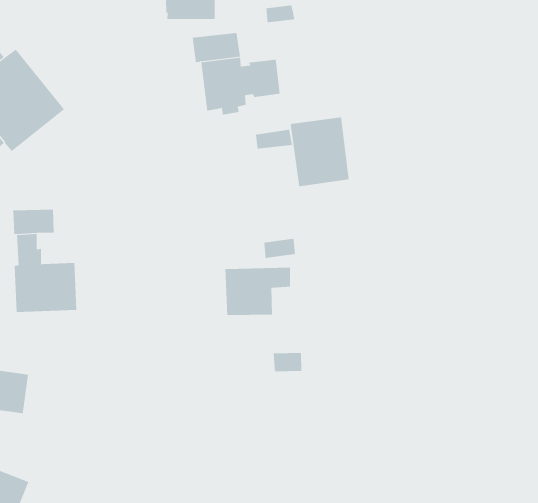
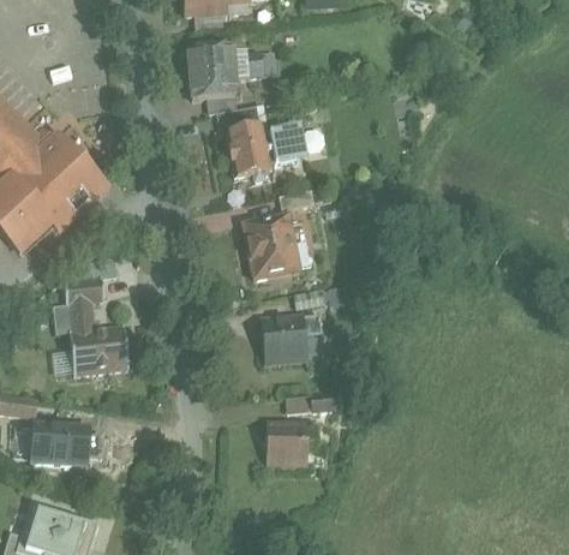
building: [290,117,349,187] -> [242,215,300,281]
building: none -> [266,424,315,465]

